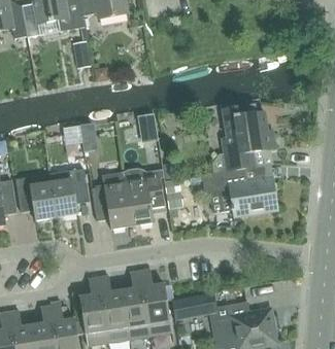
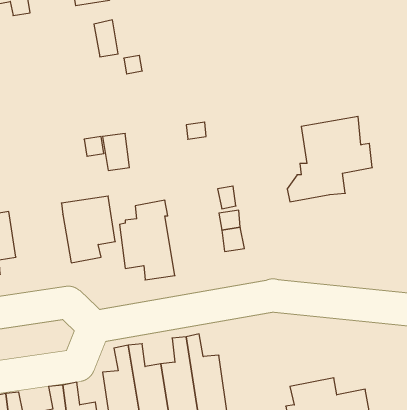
building: [202,168,277,216] -> none
building: [125,169,165,226] -> none
building: [15,176,57,220] -> none
building: [173,294,214,319] -> none

